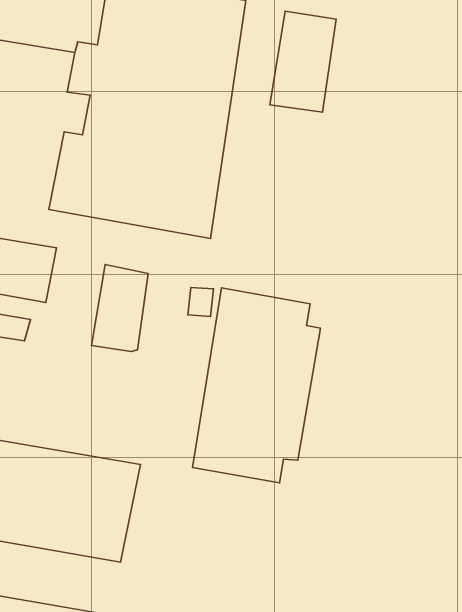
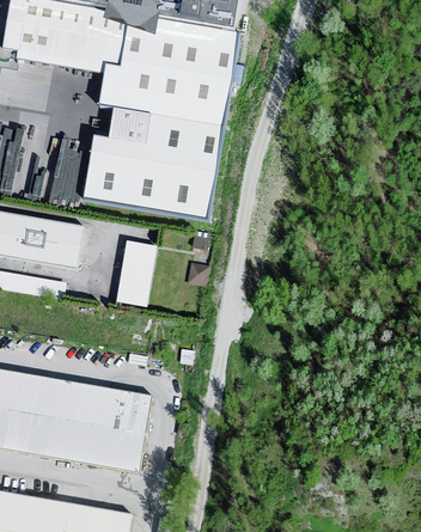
building: [270,11,336,112] -> none
building: [193,288,320,483] -> none

